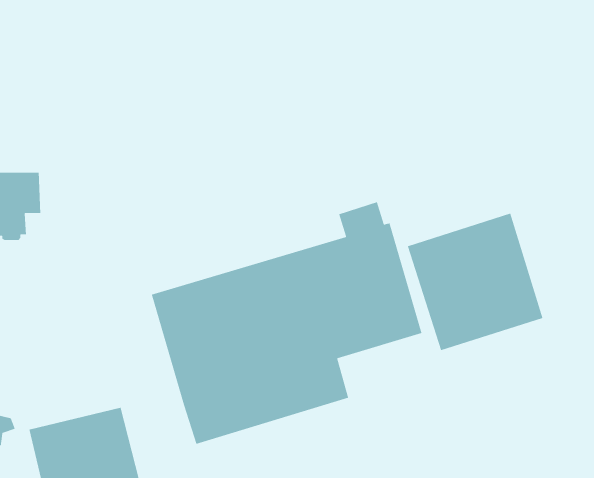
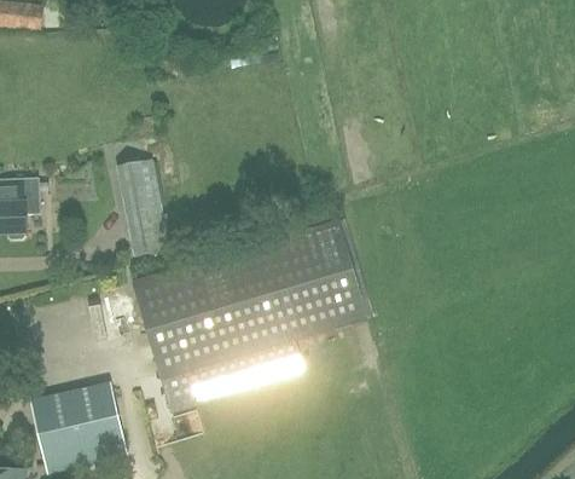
building: none -> [114,157,169,254]
building: [407,212,543,351] -> none

